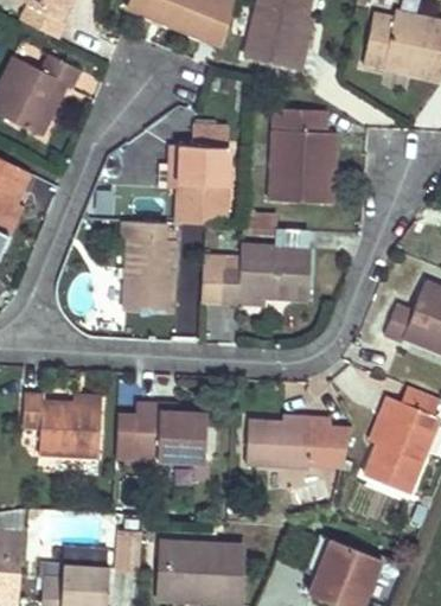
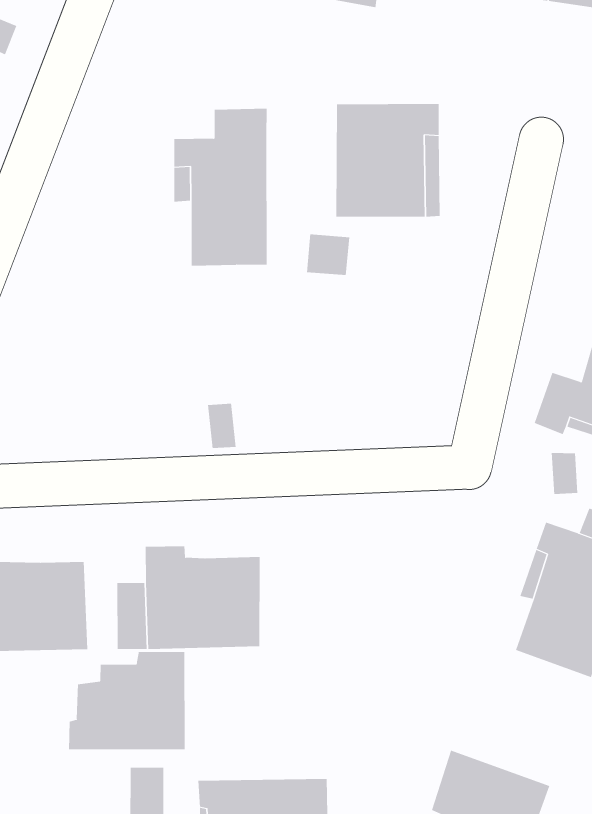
building: [122,221,177,312] -> none
building: [220,244,311,301] -> none
building: [245,416,331,467] -> none
building: none -> [68,651,185,750]

